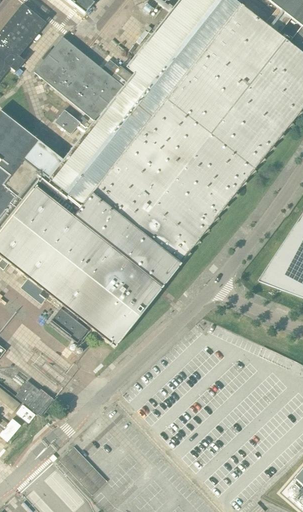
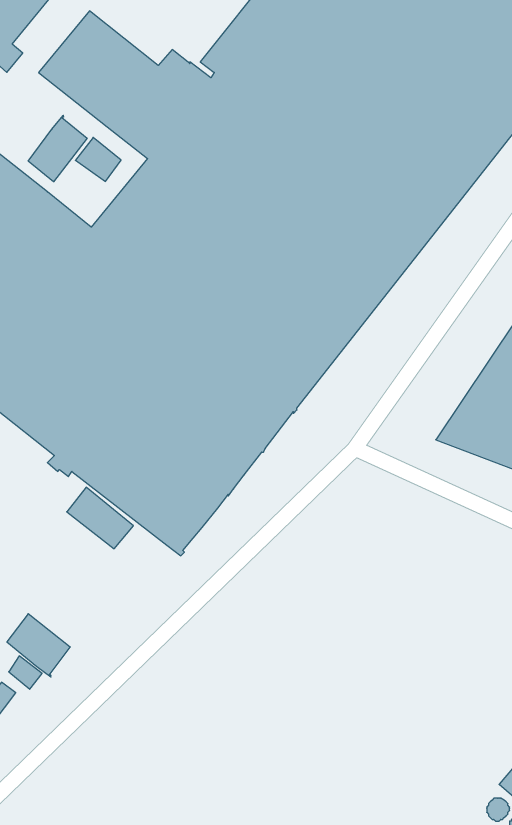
building: none -> [28,115,87,182]

